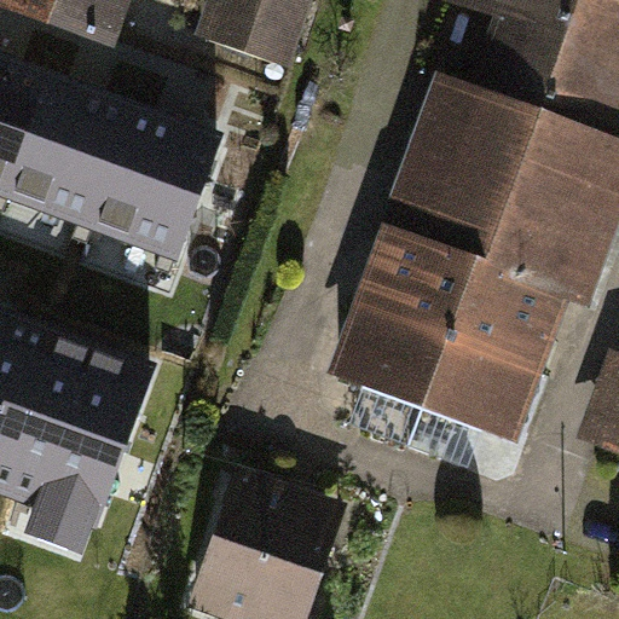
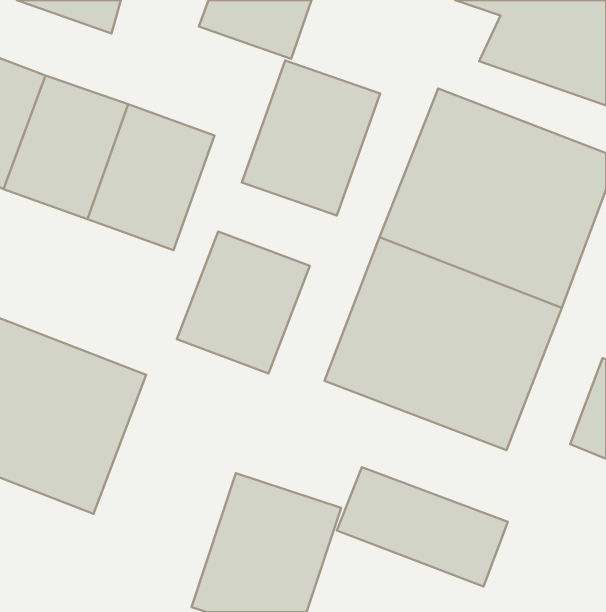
building: none -> [242,60,380,216]
building: none -> [177,231,310,374]
building: none -> [337,467,508,587]

